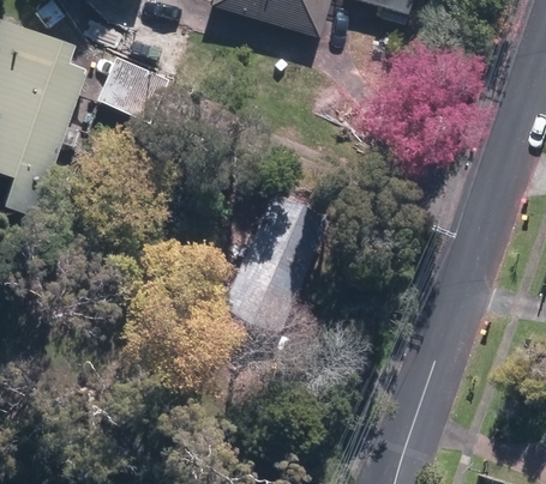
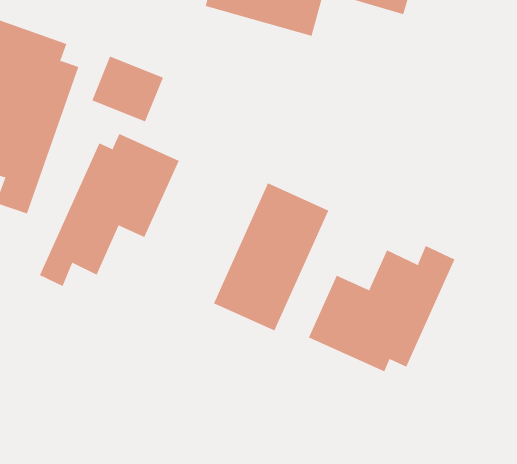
building: none -> [39,133,179,287]
building: none -> [308,245,455,372]

